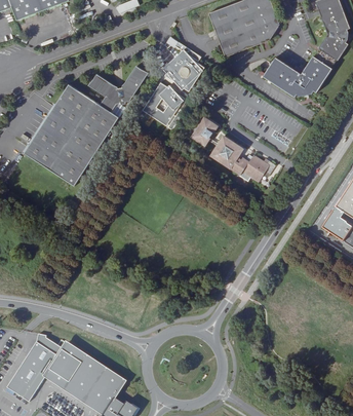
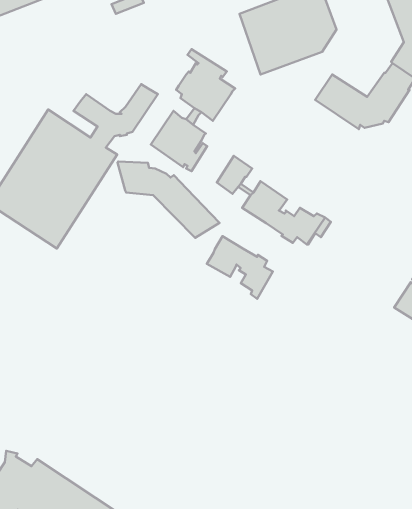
building: none -> [118,161,220,238]
building: none -> [207,236,273,299]

